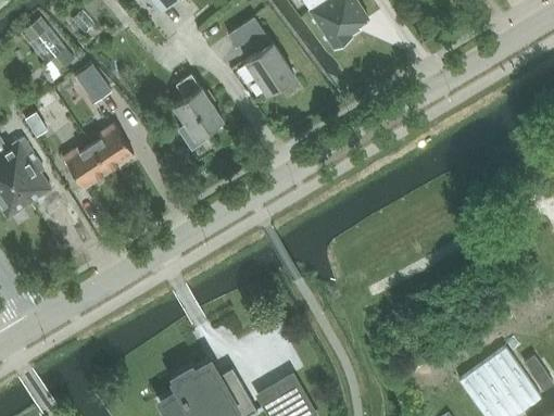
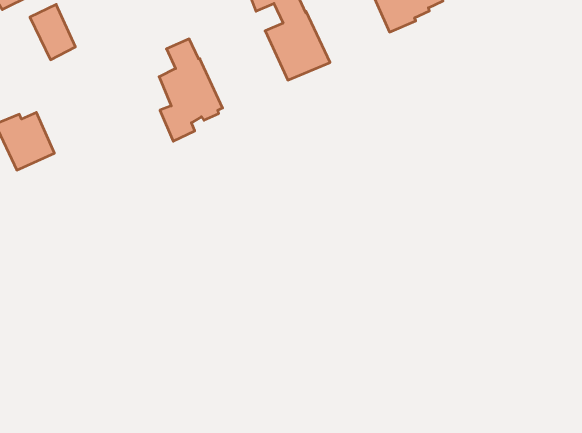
building: [90,124,134,172] -> none

